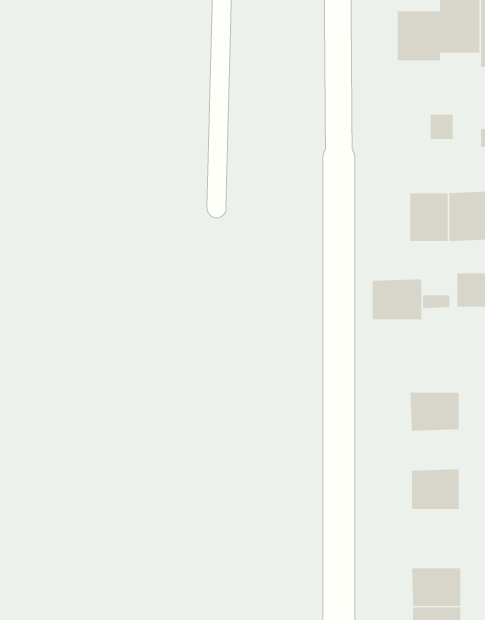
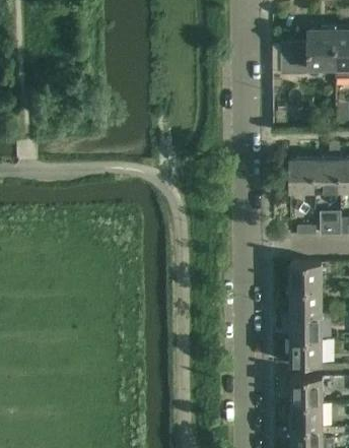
building: [372,279,422,320] -> [289,262,322,289]
building: none -> [290,313,322,339]
building: none -> [290,377,323,402]

